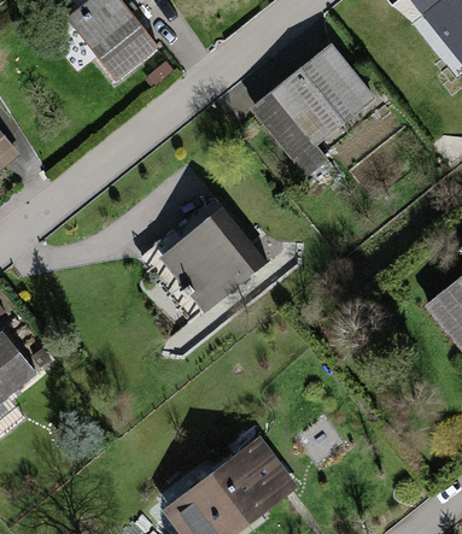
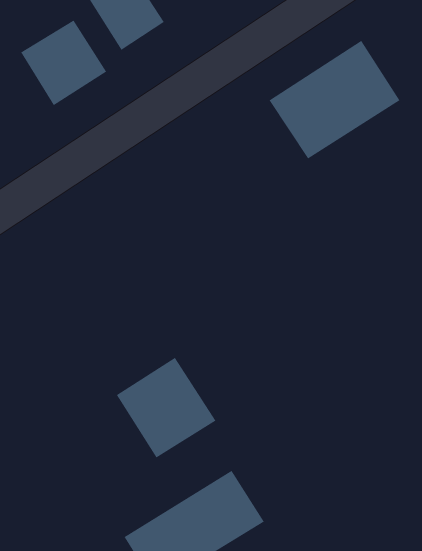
building: none -> [20,19,107,106]
building: [160,219,252,311] -> [116,357,217,458]

